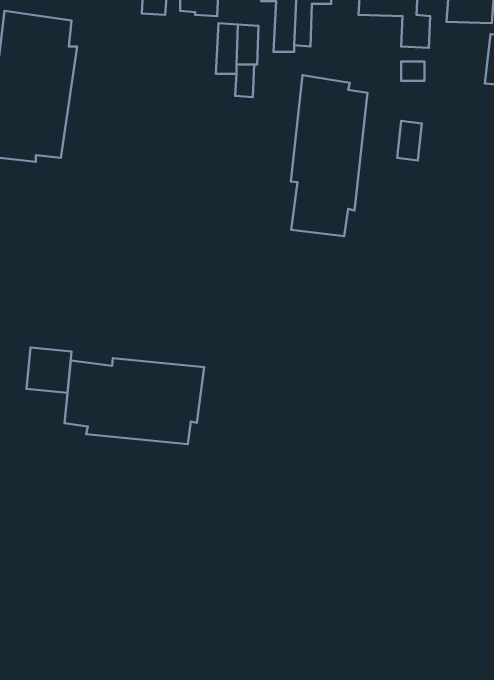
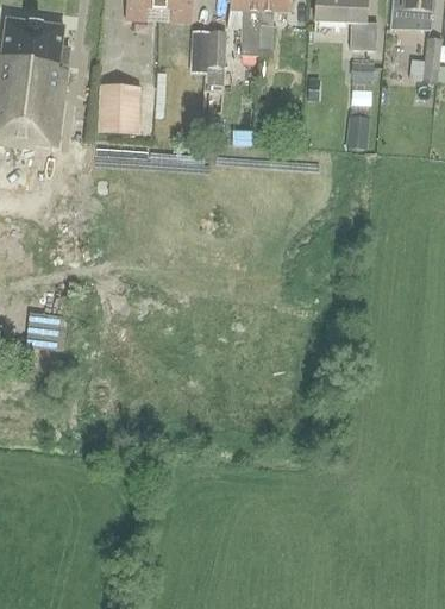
building: [291,75,368,236] -> none
building: none -> [99,82,140,132]
building: [64,358,204,444] -> none

